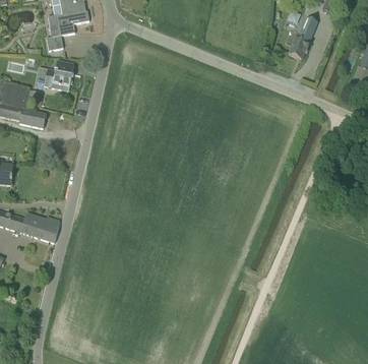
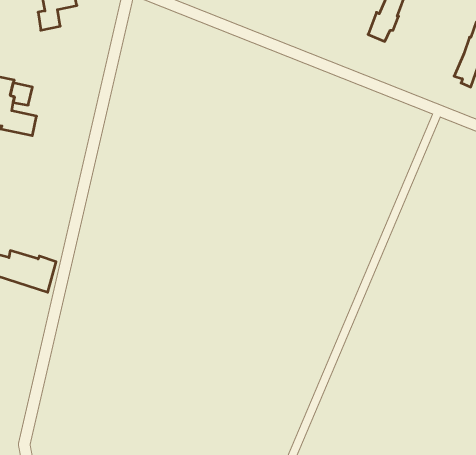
building: [43,61,73,90] -> none

